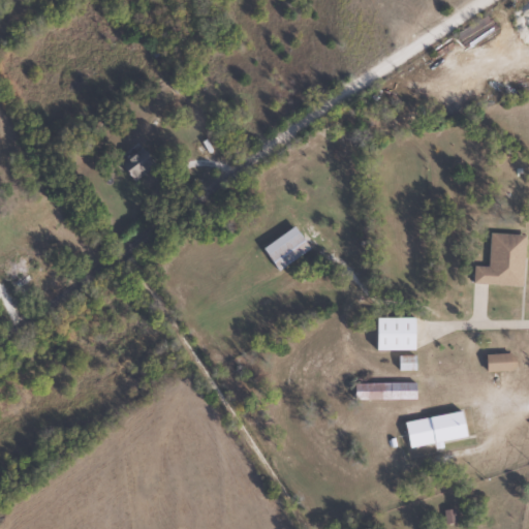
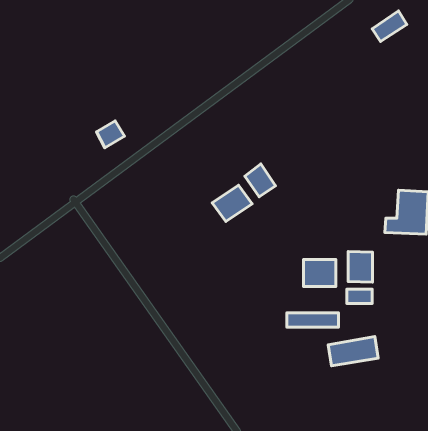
building: none -> [245,164,276,197]
building: none -> [348,252,372,282]
building: [487,353,518,371] -> [347,289,372,303]

